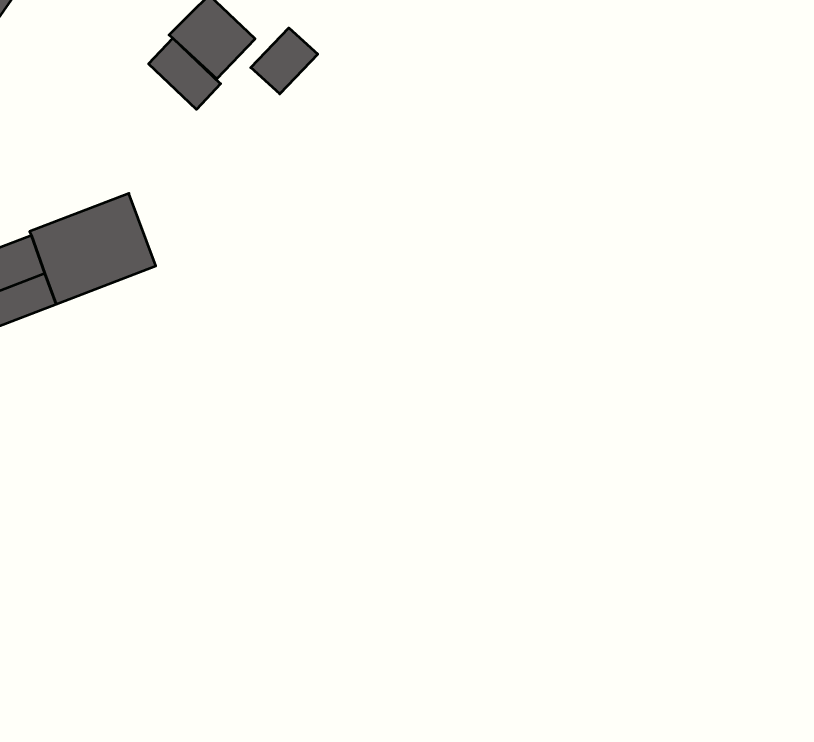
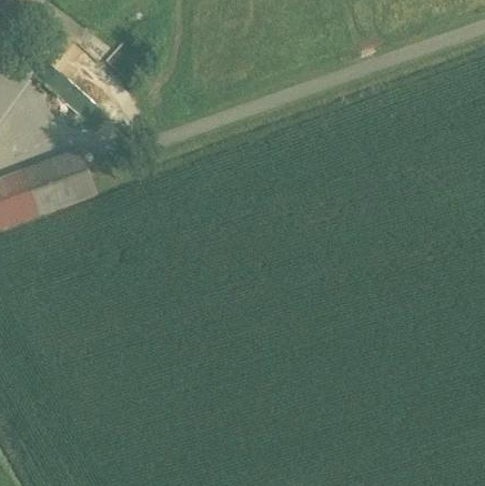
building: [251,28,318,94] -> none
building: [149,38,221,109] -> none

